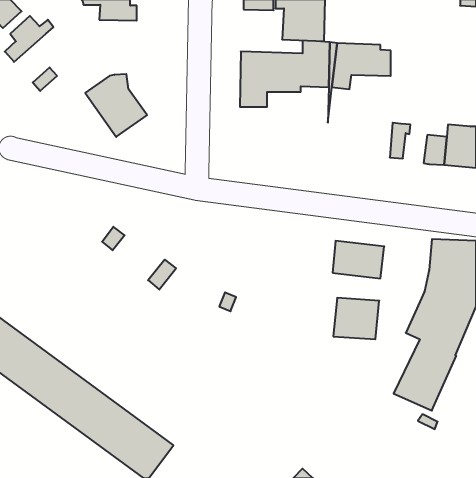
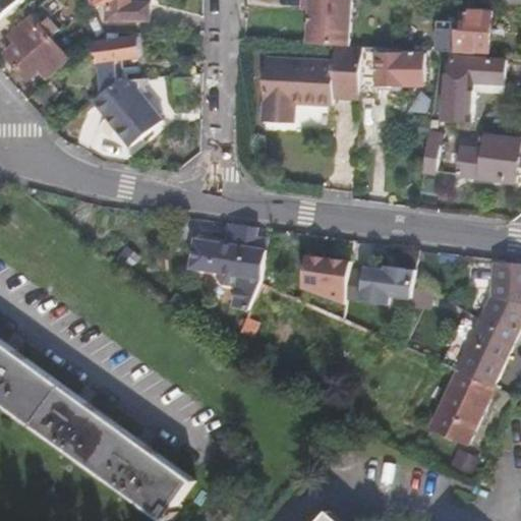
building: none -> [426,11,486,52]
building: none -> [15,37,67,80]
building: none -> [92,37,137,95]
building: none -> [441,57,503,122]
building: none -> [187,224,269,281]
building: [333,298,379,339] -> [302,252,352,297]

